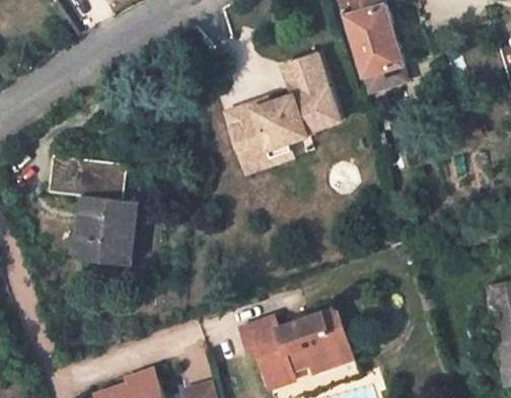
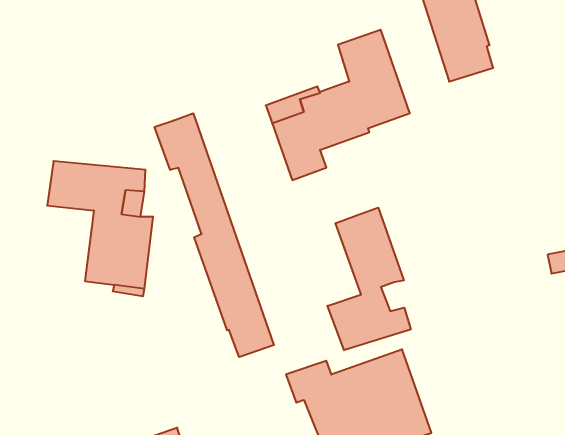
building: none -> [155,113,274,357]
building: none -> [327,208,411,350]

